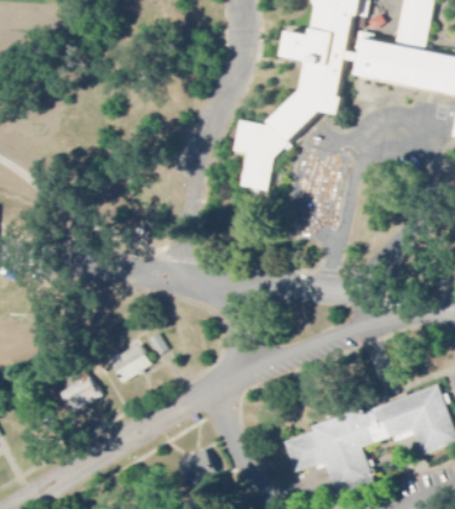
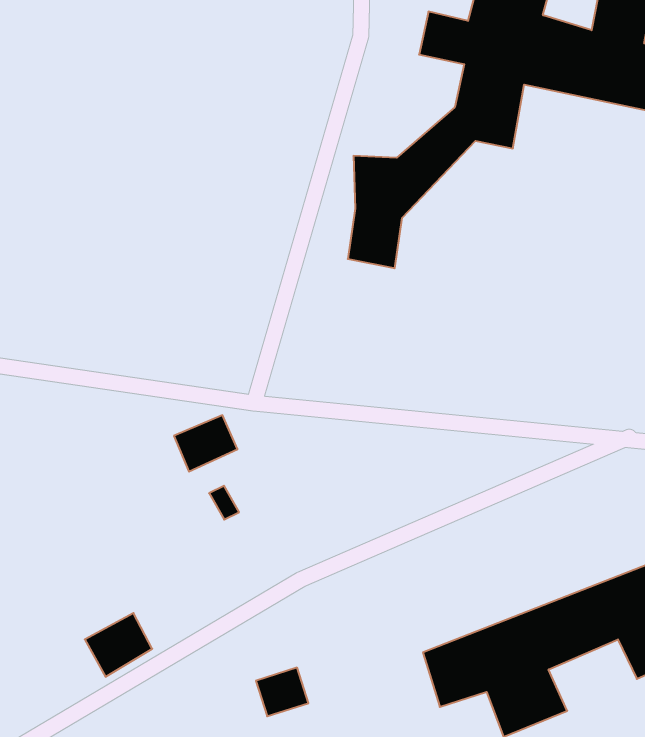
building: [106,345,148,382] -> [174,415,238,472]
building: [53,373,97,414] -> [85,613,152,677]

